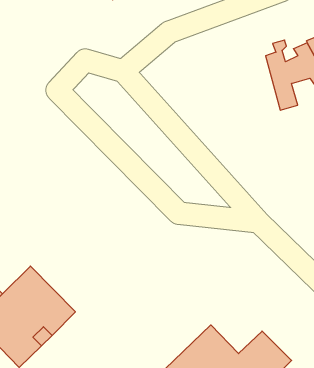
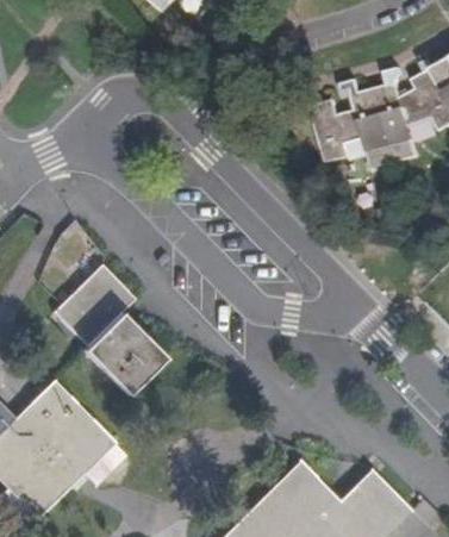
building: none -> [310,81,395,171]
building: none -> [52,264,166,394]

